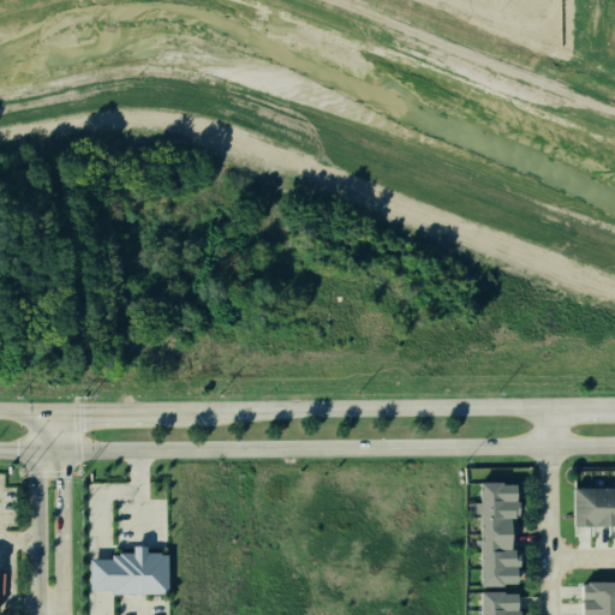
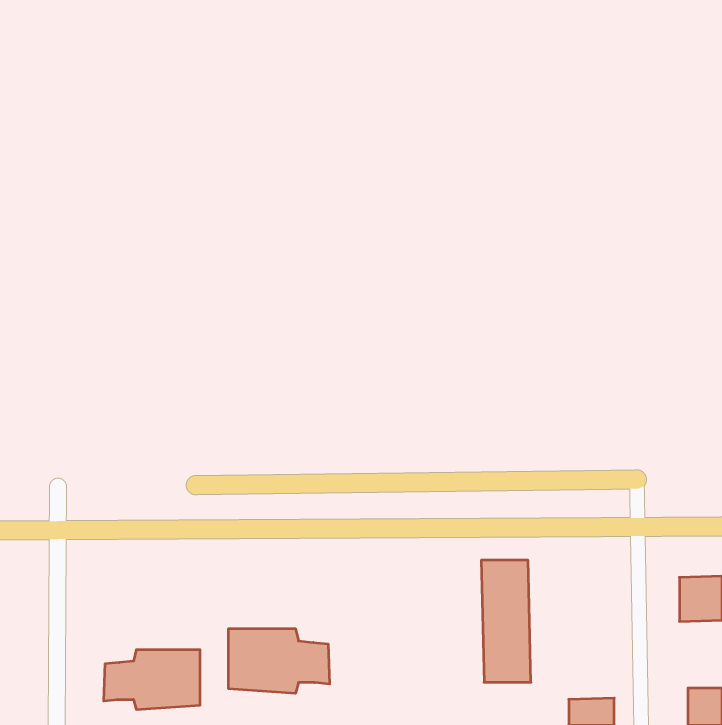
building: [479,483,521,586] -> [481,560,531,682]
building: none -> [229,629,330,693]

